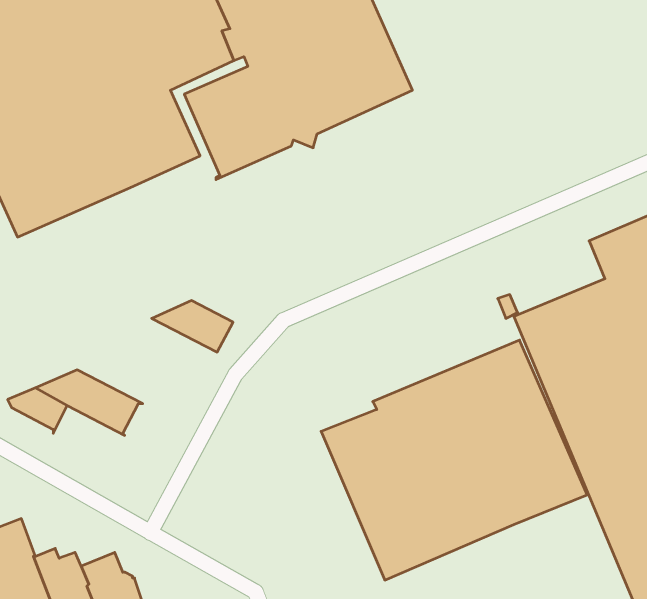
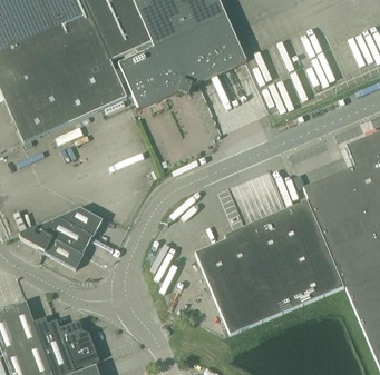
building: [152,301,233,352] -> [57,207,103,236]
building: none -> [43,237,84,269]

